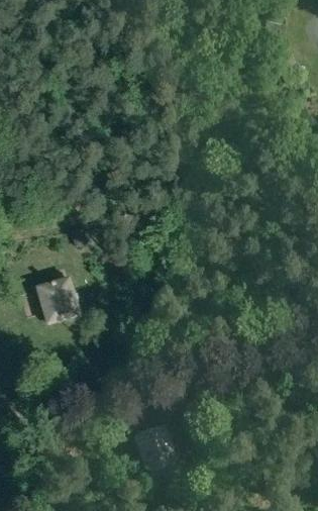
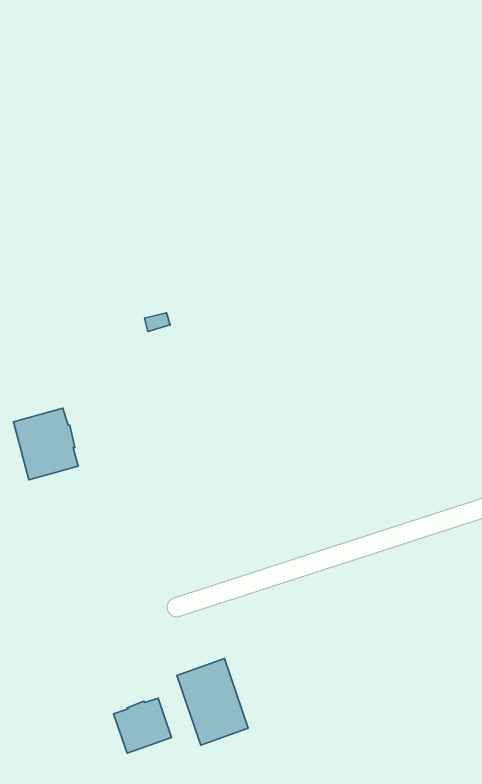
building: none -> [114,698,172,753]

